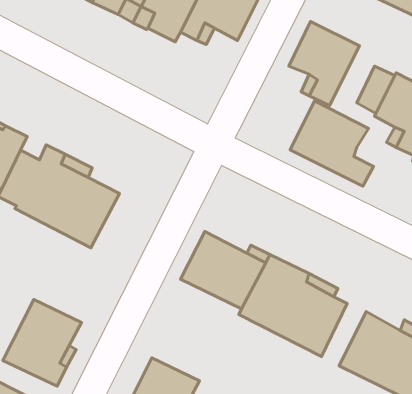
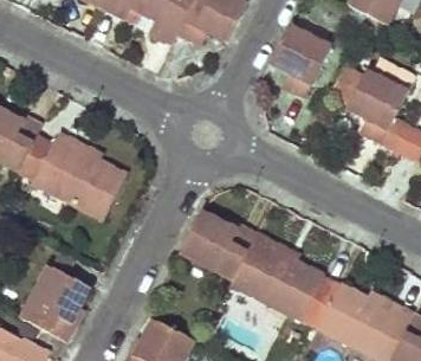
building: [290,101,374,186] -> none

